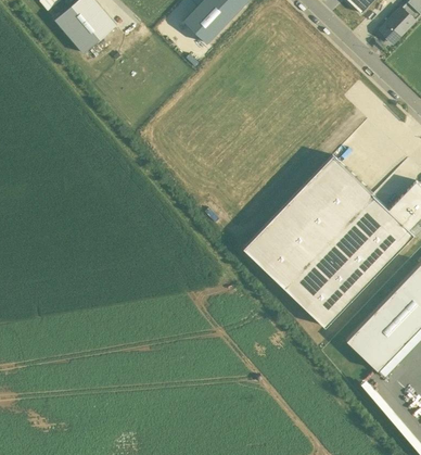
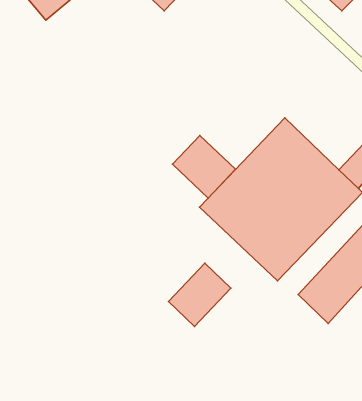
building: none -> [172,135,236,198]
building: none -> [168,263,231,326]

